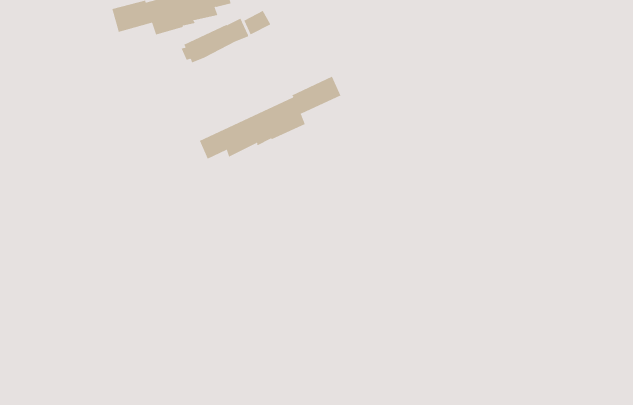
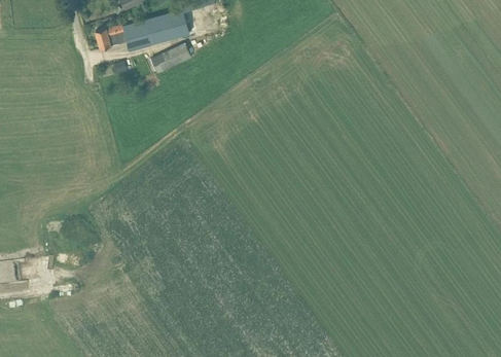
building: [199,76,341,160] -> none

